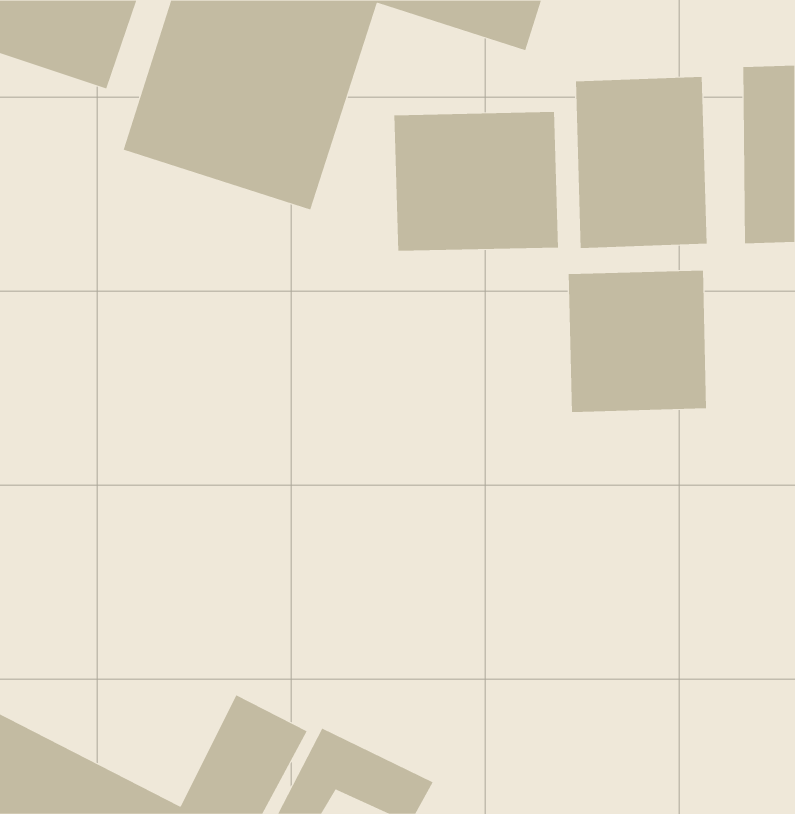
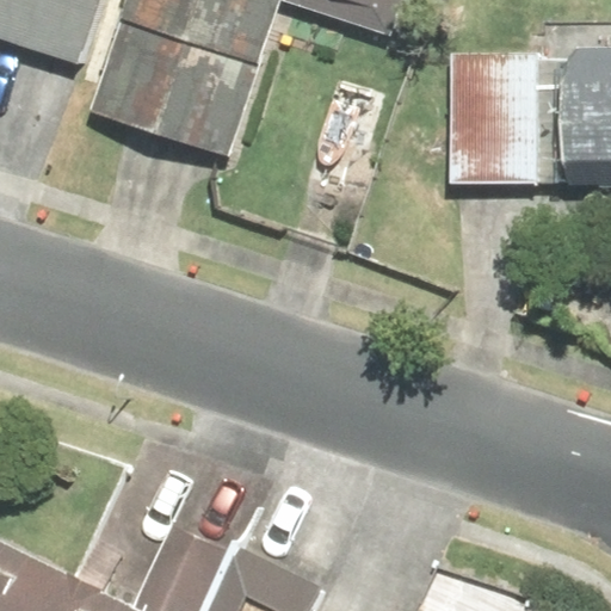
building: [394,111,558,252] -> none
building: [568,270,706,413] -> none

